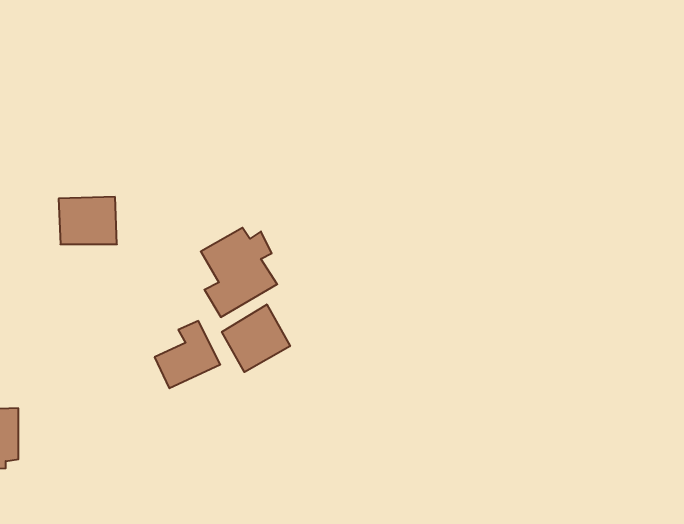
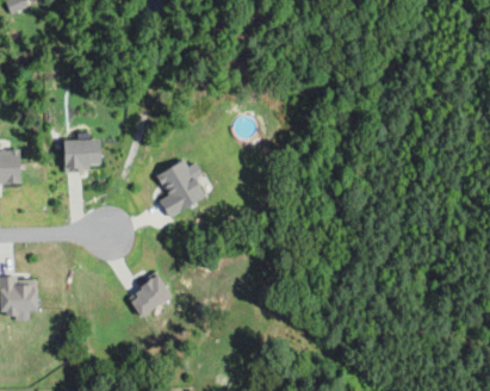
building: [222,304,290,372] -> none
building: [155,321,220,388] -> [129,272,172,316]

